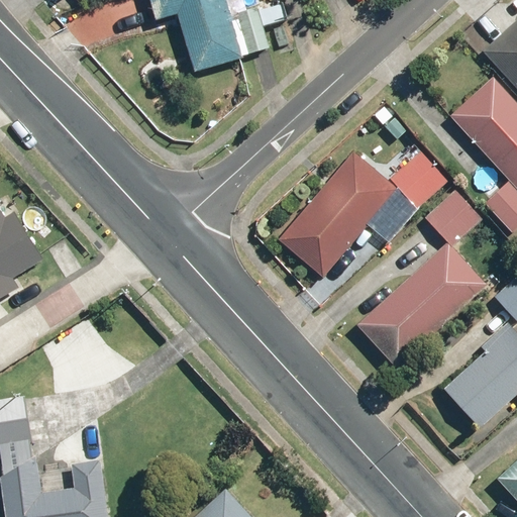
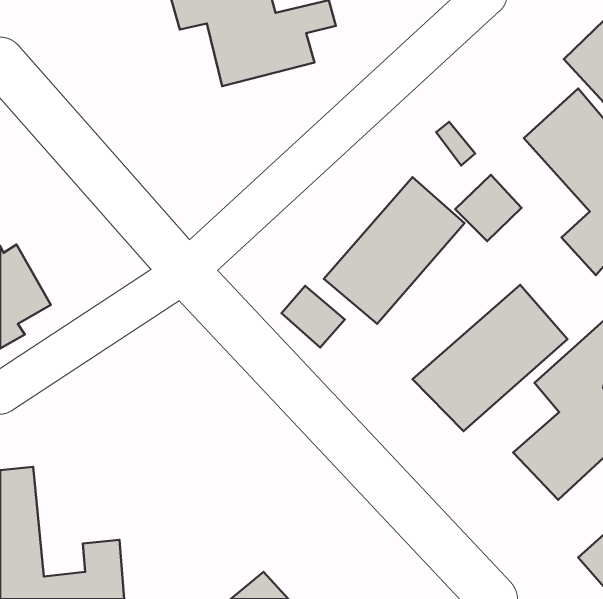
building: [424,187,484,246] -> none
building: none -> [281,286,345,348]

